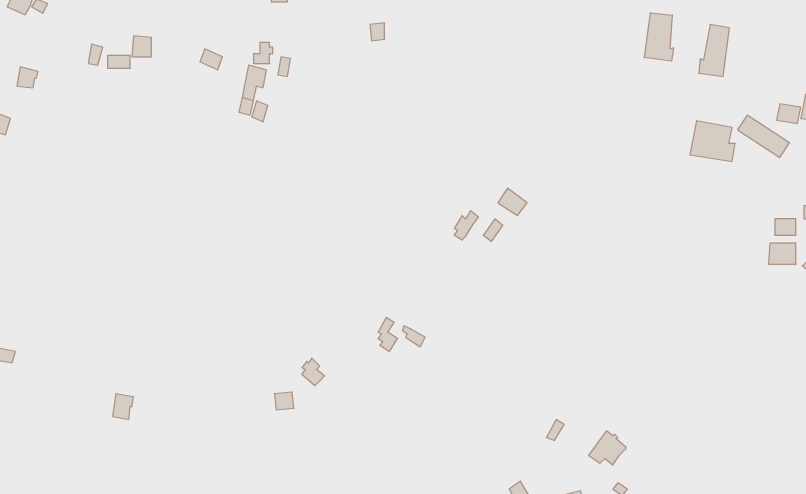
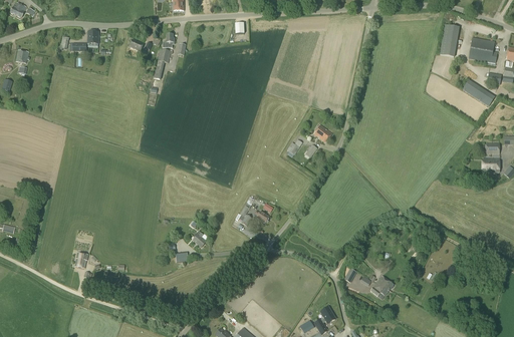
building: [644,13,674,61] -> none
building: [690,121,735,161] -> [469,37,497,62]

